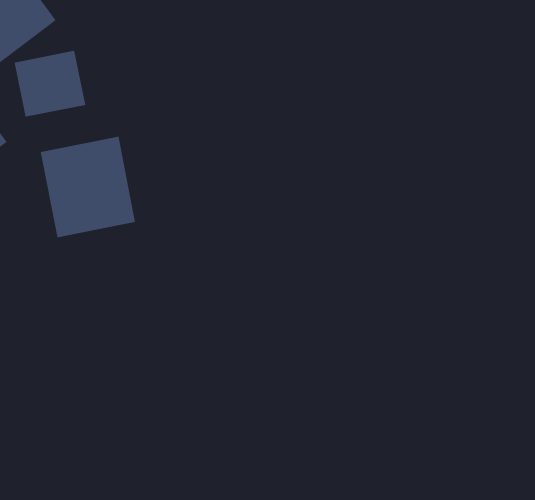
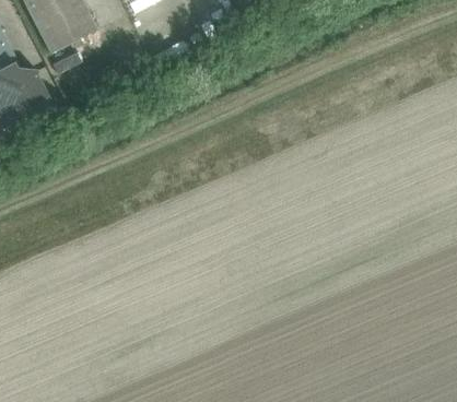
building: [40,136,135,238] -> none

